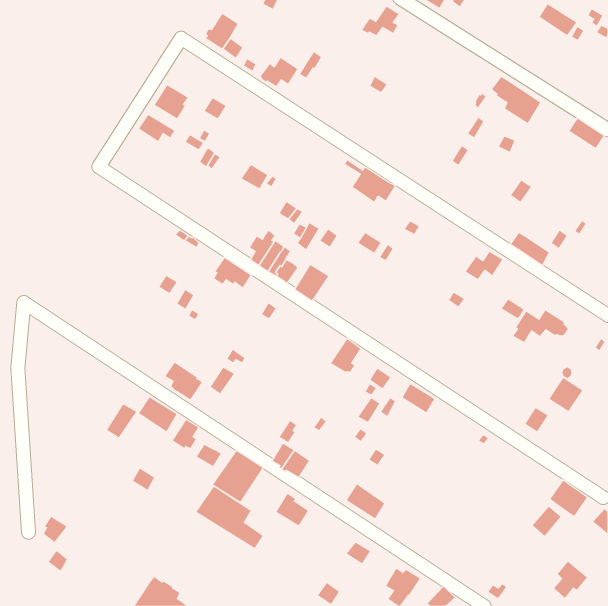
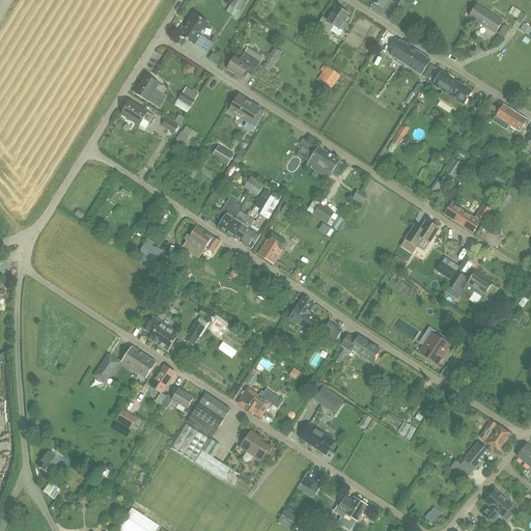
building: none -> [389,38,436,78]
building: none -> [228,93,263,130]
building: [549,377,583,412] -> [419,332,449,362]

